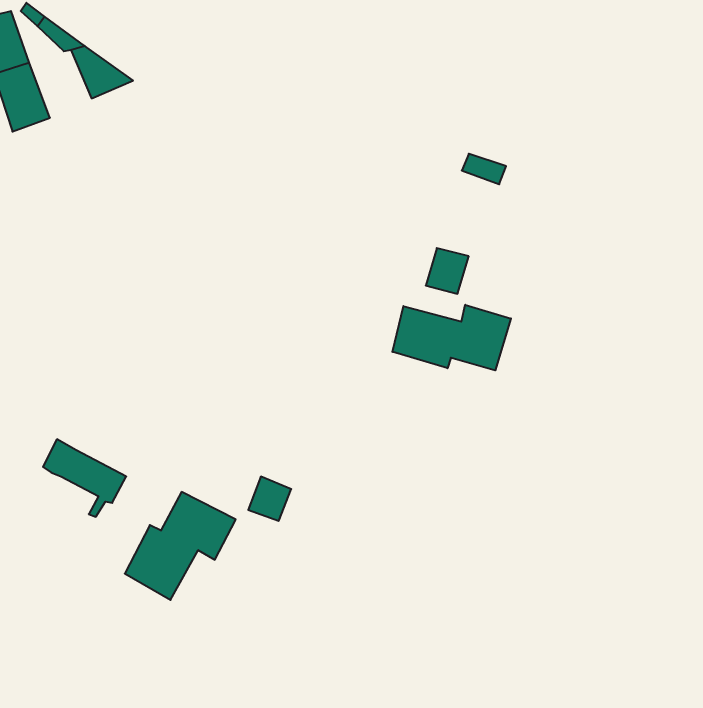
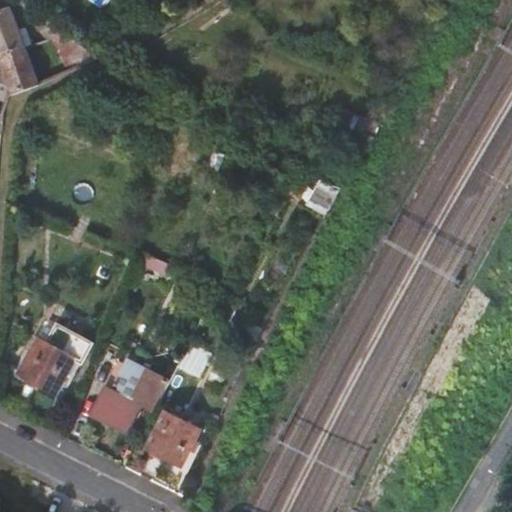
building: [392,305,511,370] -> none
building: none -> [19,341,71,392]
building: none -> [148,415,200,468]

